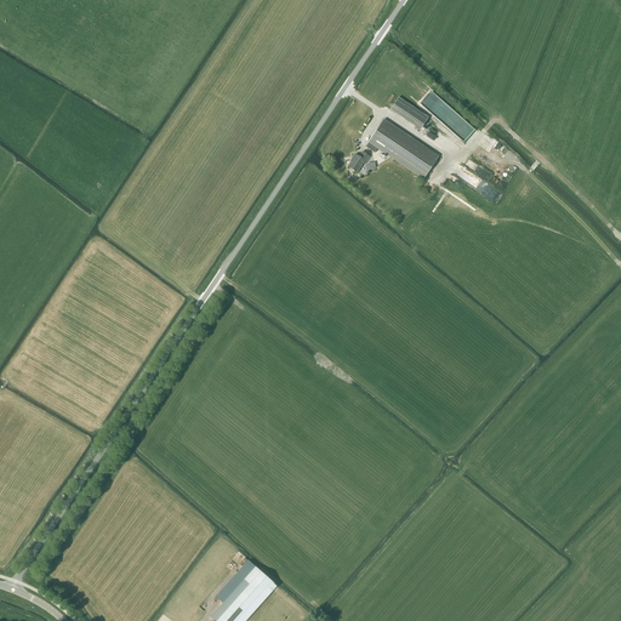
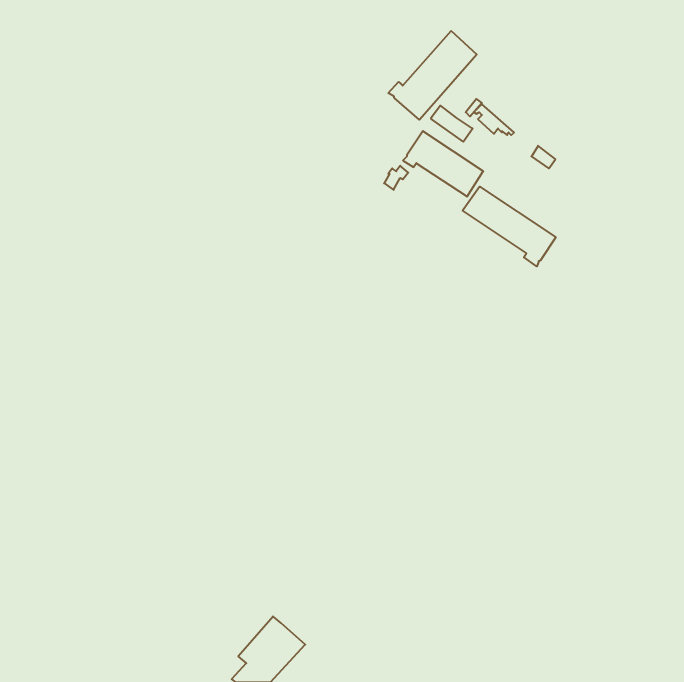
building: none -> [388,31,477,120]
building: none -> [463,187,556,266]

